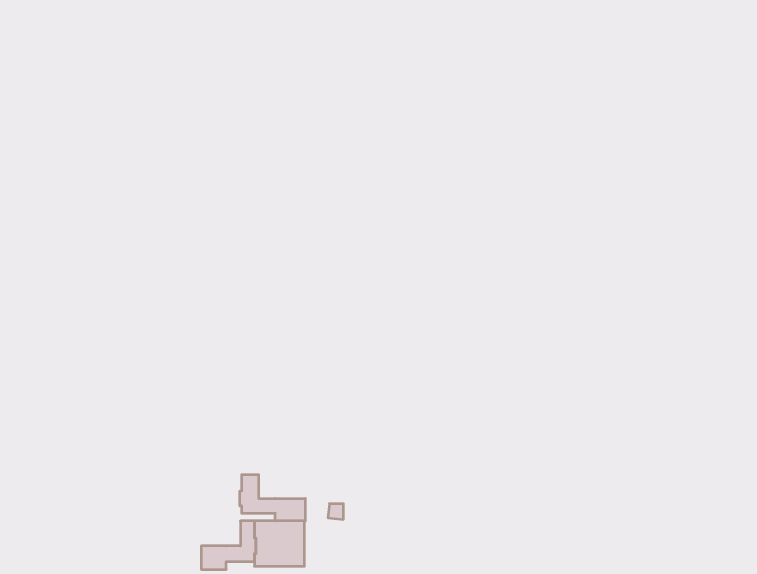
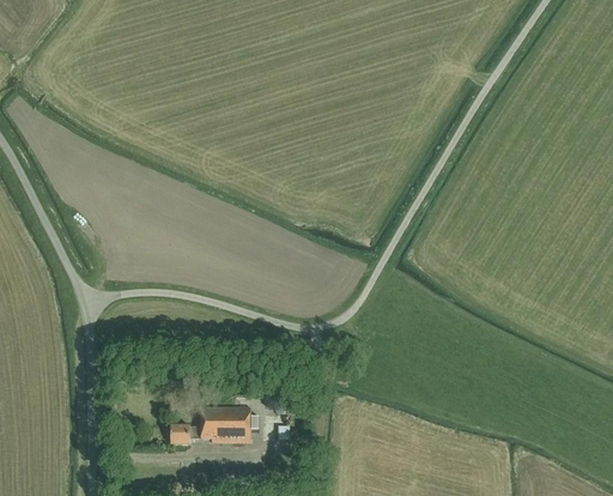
building: [240,475,305,521] -> none

